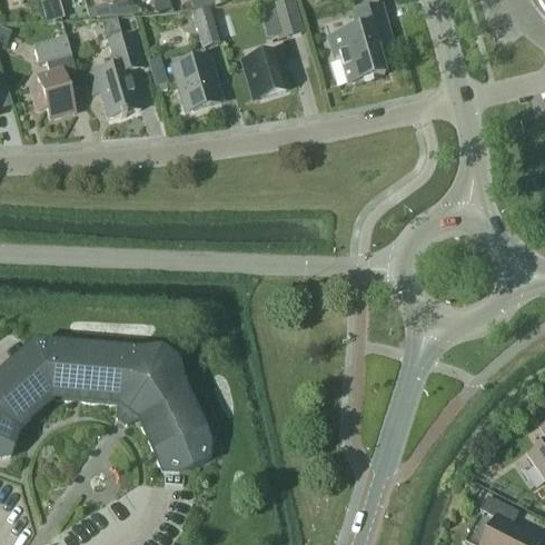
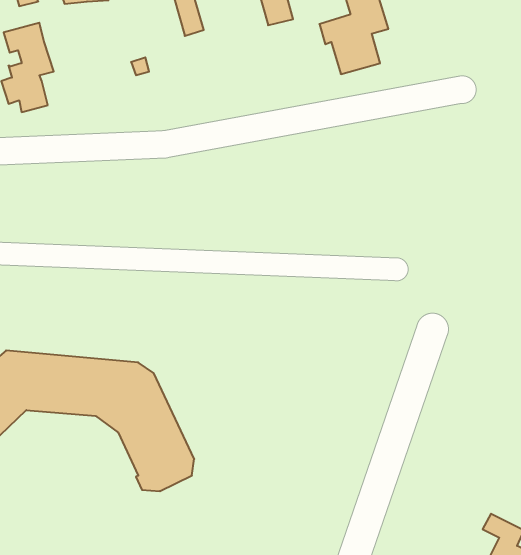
building: [89,30,143,115] -> none
building: [244,48,286,95] -> none
building: [171,53,220,107] -> none

